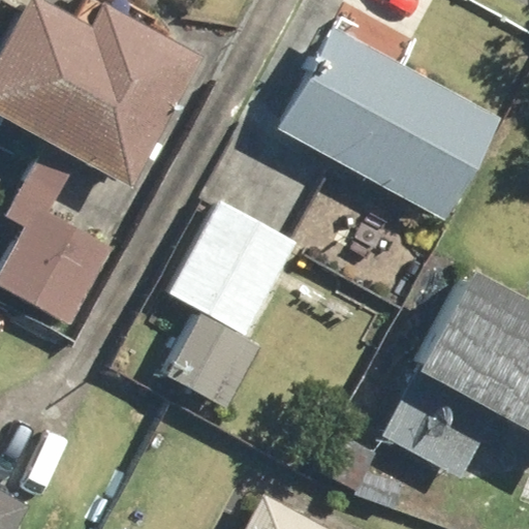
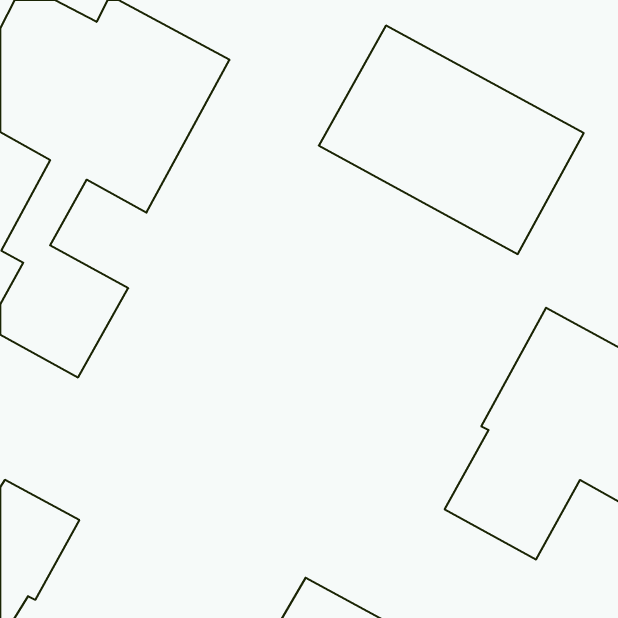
building: [165,201,298,409] -> none

